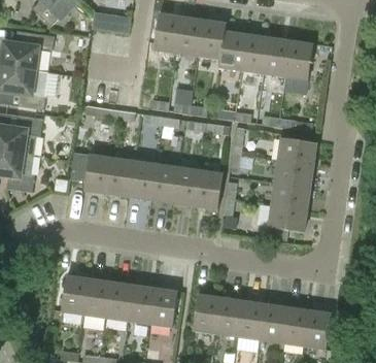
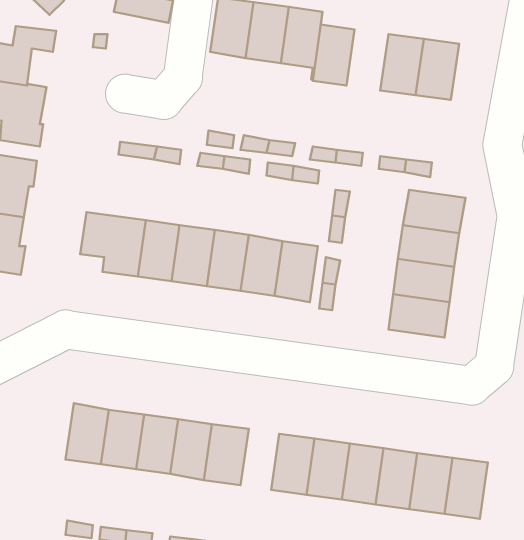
building: [241,34,268,73] -> none

